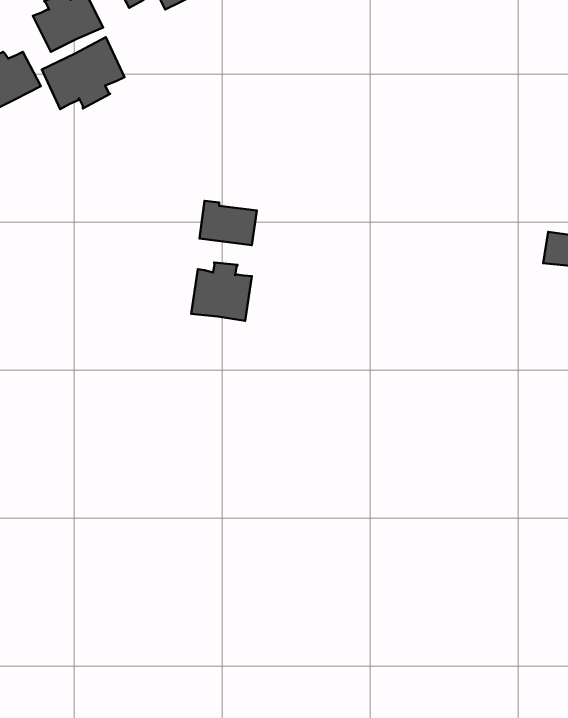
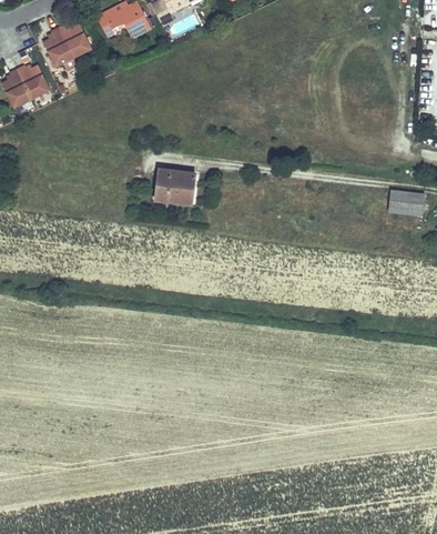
building: [42,37,125,109] -> none
building: [191,263,252,321] -> none

